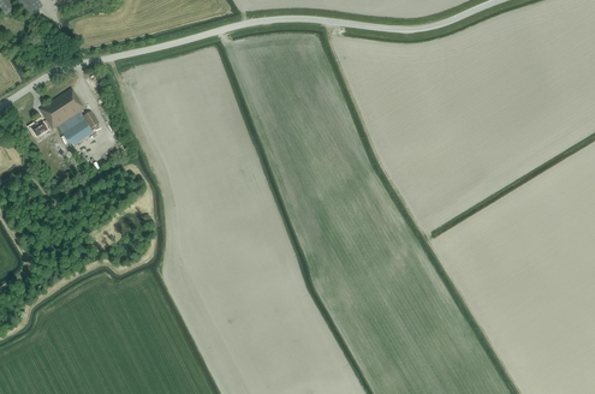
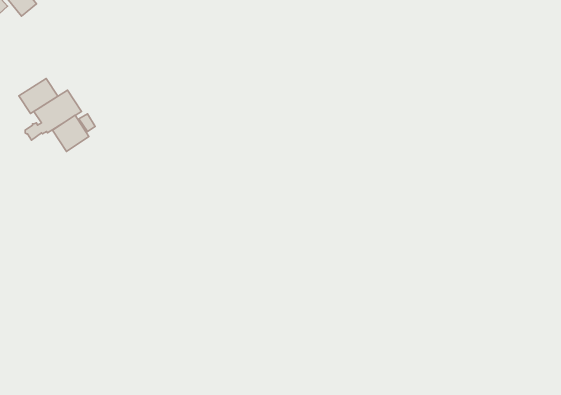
building: none -> [19,78,58,113]

